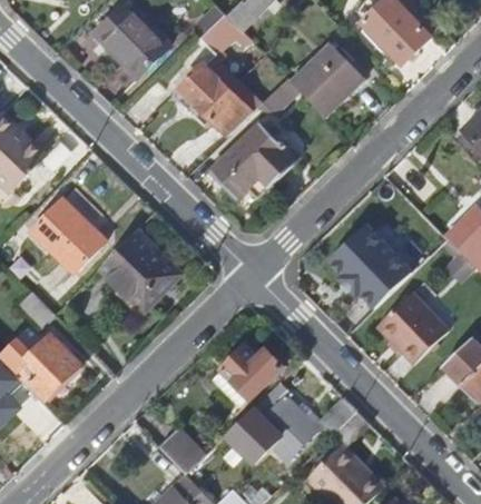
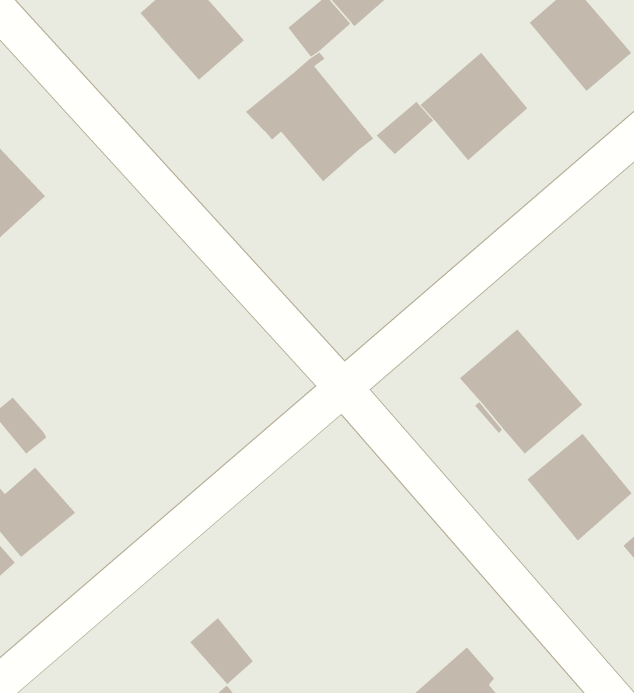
building: [212,123,296,198] -> none
building: [29,199,105,275] -> none
building: [98,230,180,308] -> none
building: [220,346,283,399] -> none
building: [226,382,355,464] -> none

